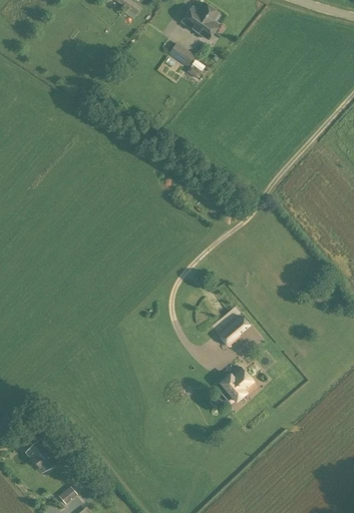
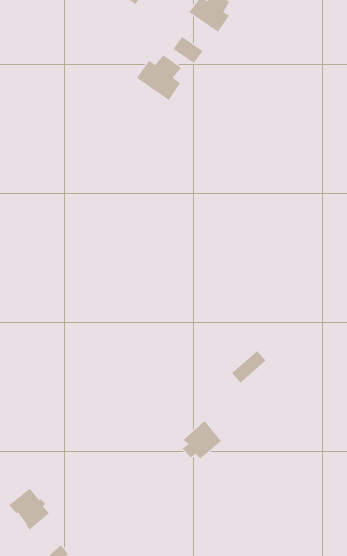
building: none -> [136,54,182,101]
building: [219,366,254,400] -> [182,420,222,459]

